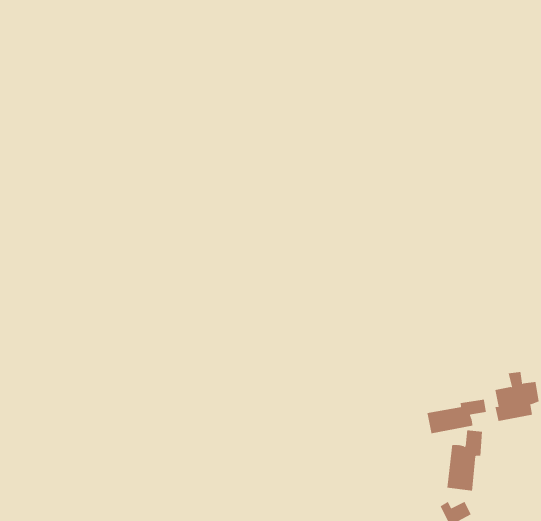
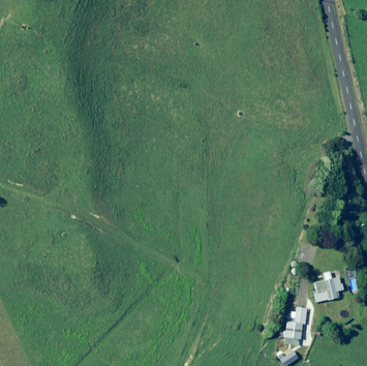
building: [427,399,487,434] -> none

